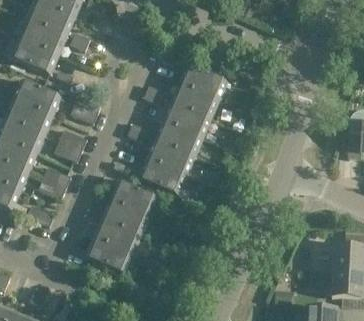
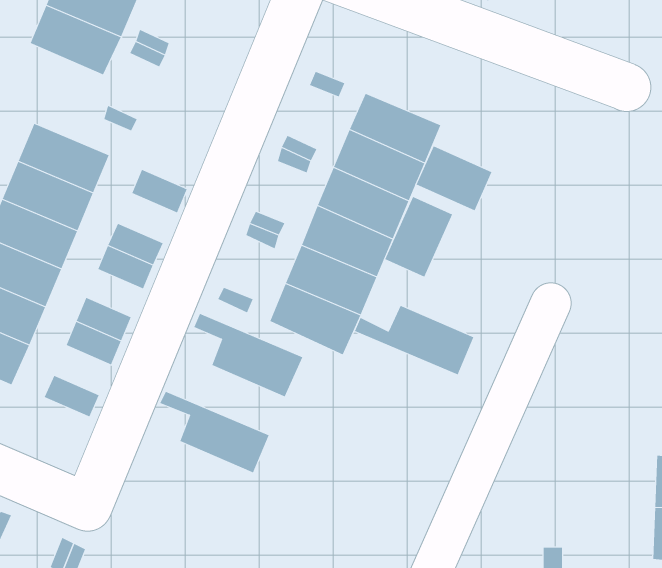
building: [9,38,54,73] -> none
building: none -> [416,146,492,211]
building: none -> [385,196,453,277]
building: [85,199,145,234] -> [354,305,474,375]
building: [69,237,129,272] -> none

